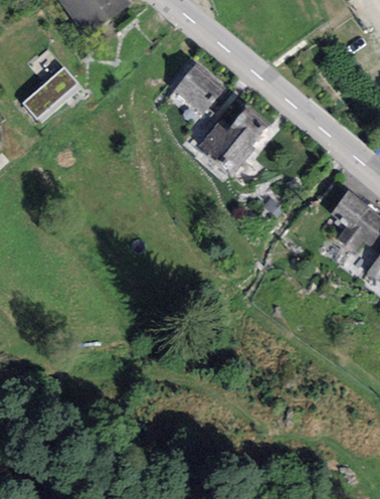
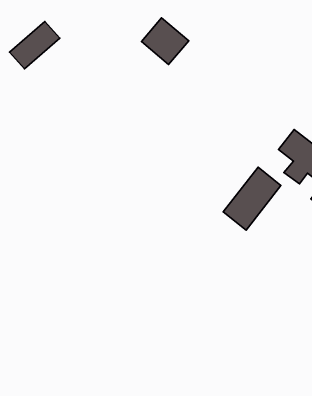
building: [199,98,269,174] -> none
building: none -> [223,167,281,230]

